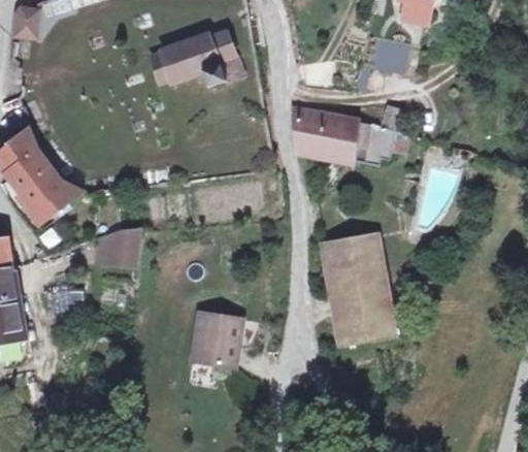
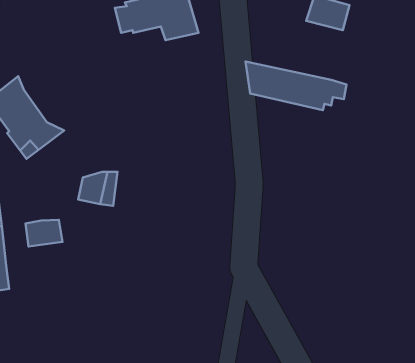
building: [322,235,392,344] -> none
building: [192,314,241,368] -> none

